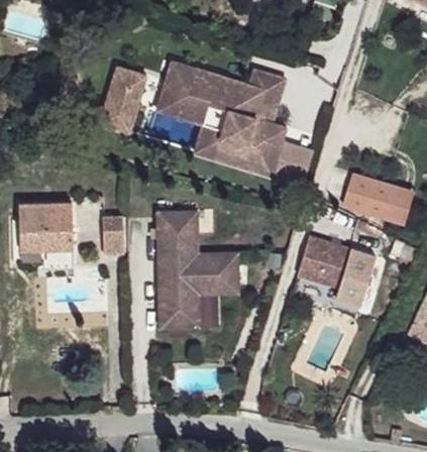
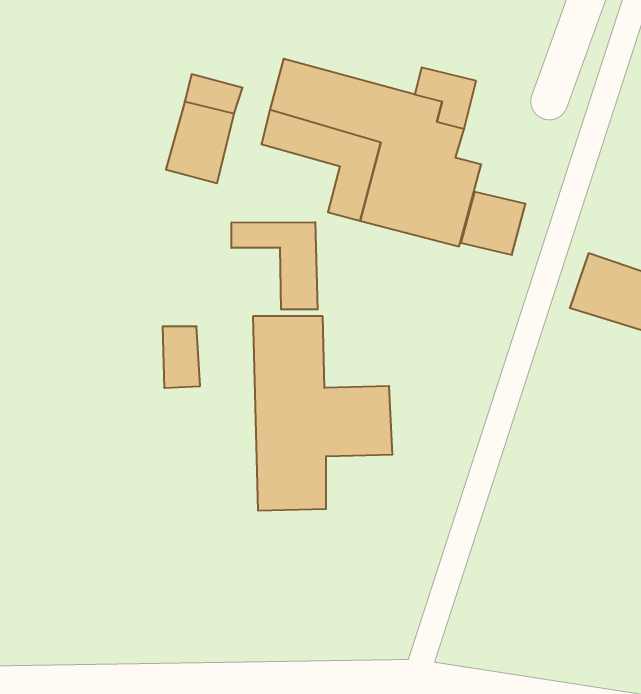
building: none -> [231,222,317,310]
building: [18,204,72,250] -> none
building: [297,238,376,308] -> none

